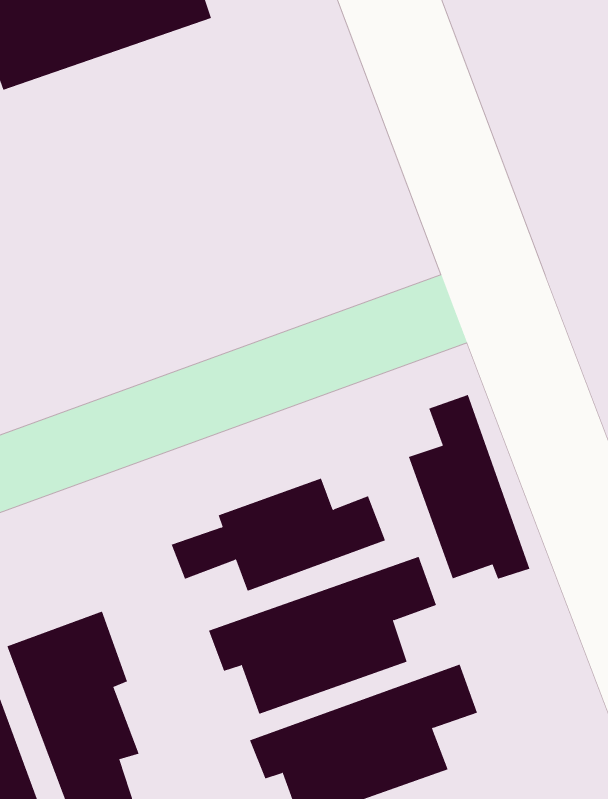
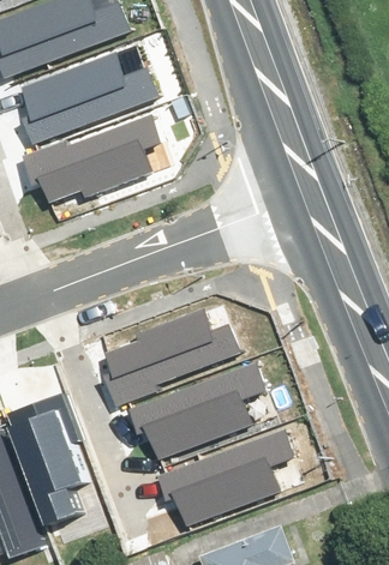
building: none -> [18,53,157,140]
building: none -> [25,113,164,208]
building: [408,394,530,580] -> none

